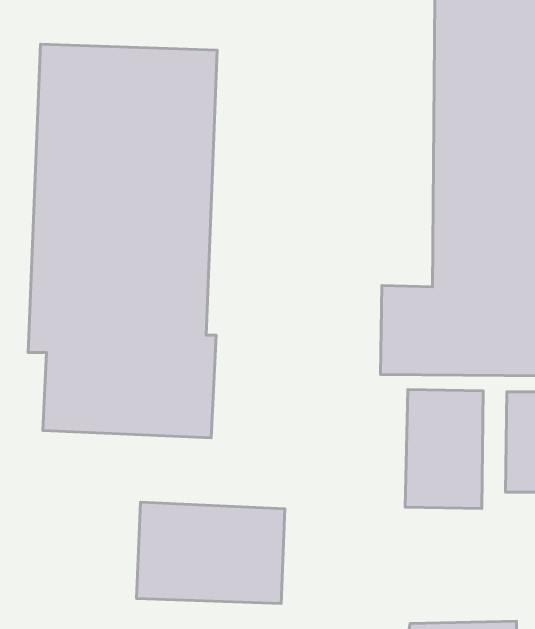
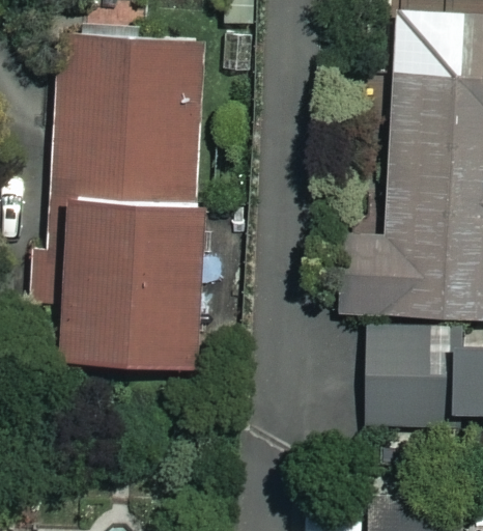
building: [136,502,285,604] -> none

